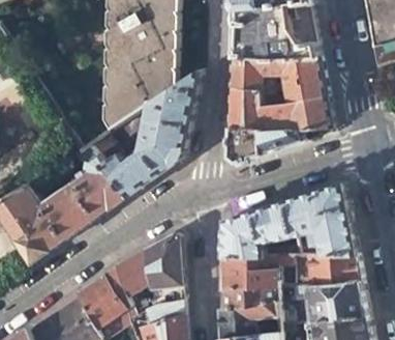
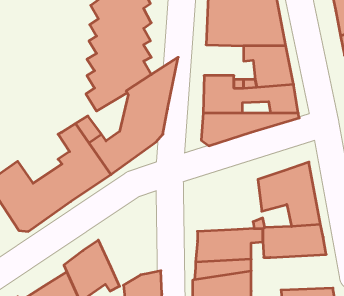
building: [227,56,270,90] -> none
building: [220,201,290,257] -> none
building: [114,233,181,303] -> none
building: [299,282,366,320] -> none

